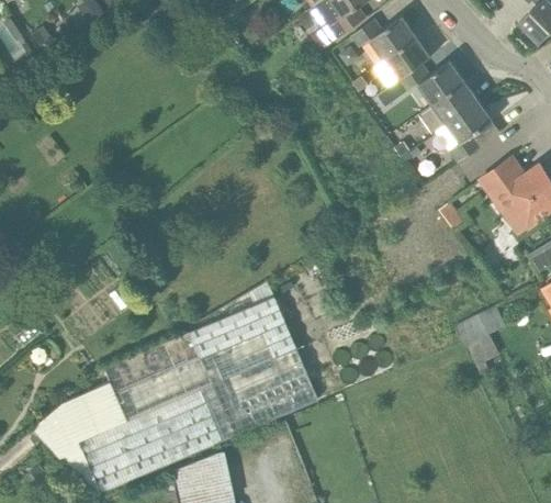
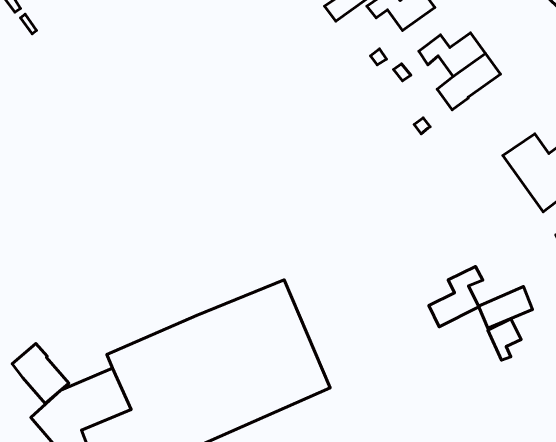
building: [385,36,431,78] -> none
building: [448,100,493,163] -> none
building: none -> [429,267,483,327]
building: none -> [12,343,69,403]

